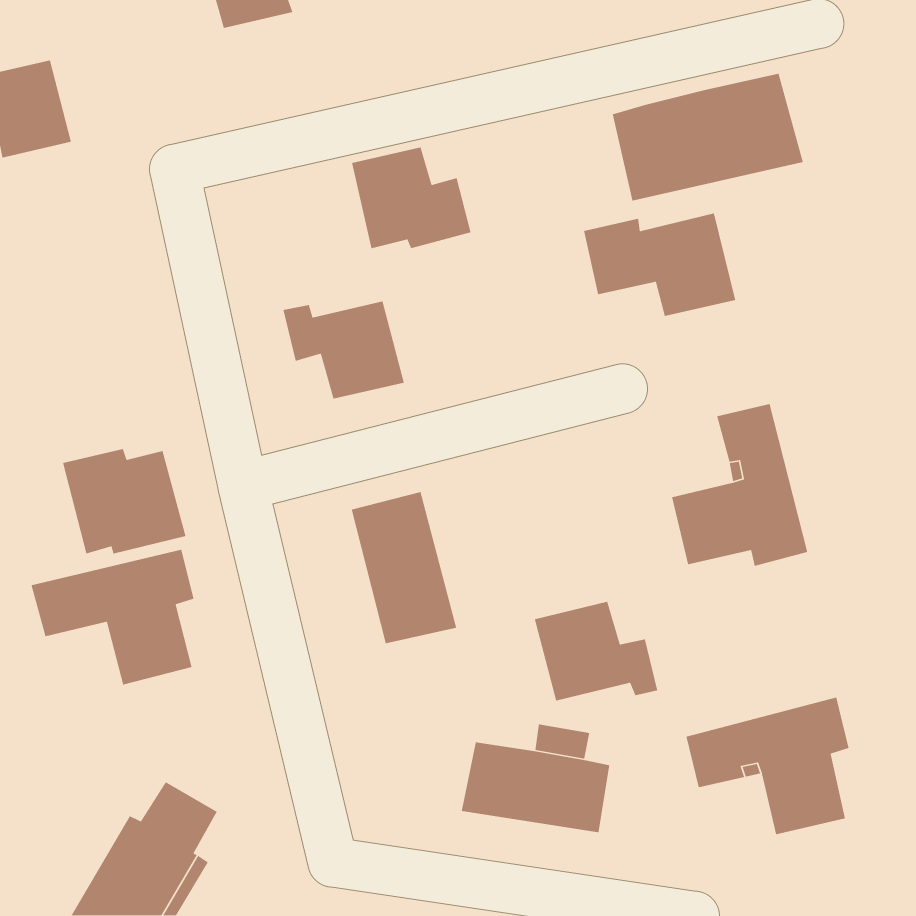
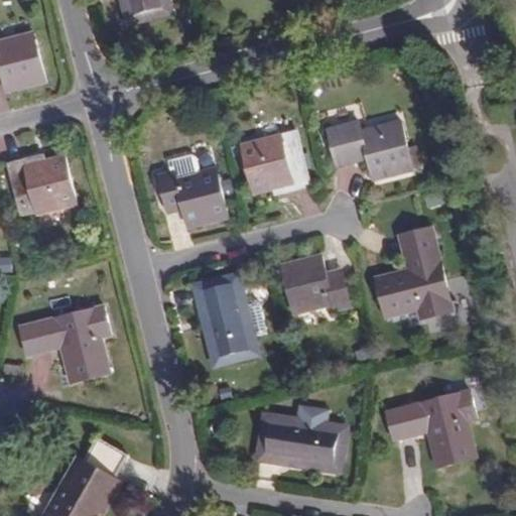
building: [612,73,804,201] -> none
building: [351,146,472,249] -> [240,134,307,191]
building: [62,448,186,554] -> [4,154,74,214]
building: [534,601,658,702] -> [279,254,349,310]

